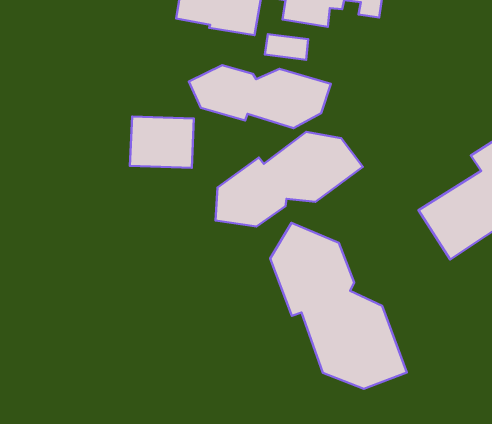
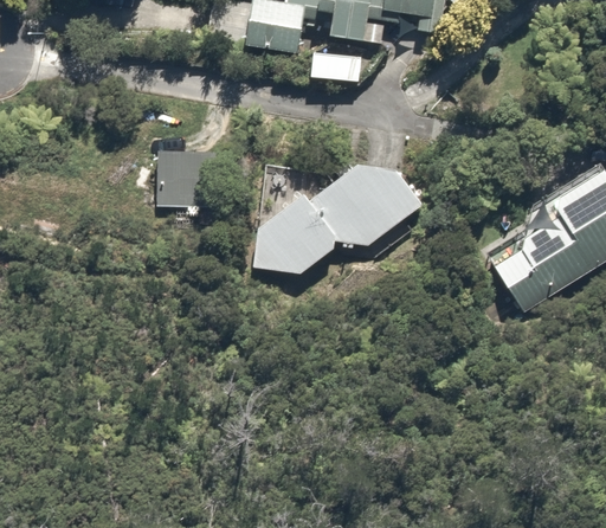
building: [189,65,331,128] -> none
building: [270,223,407,389] -> none

